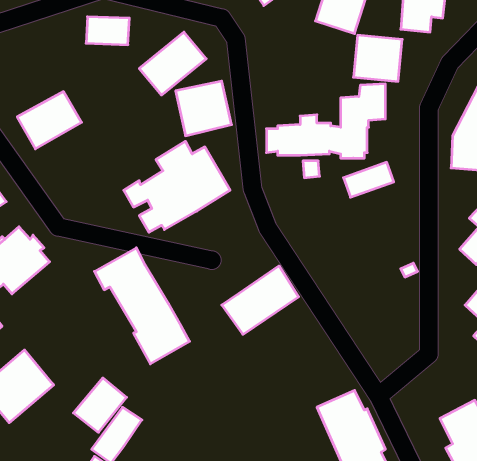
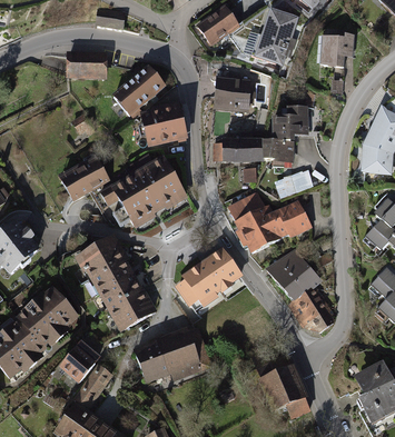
building: [353,35,402,81] -> [213,76,251,112]
building: [17,92,82,149] -> [59,155,110,200]
building: none -> [223,191,312,256]
building: none -> [265,248,336,334]
building: none -> [19,287,76,344]
building: none -> [136,328,213,381]

